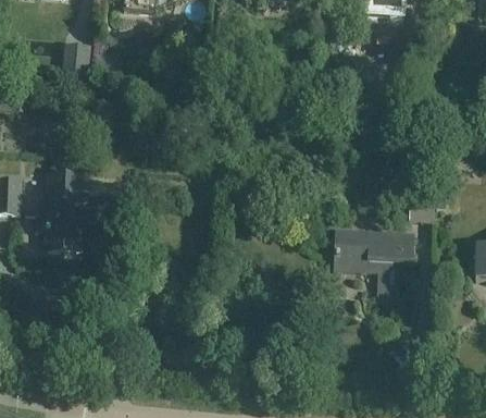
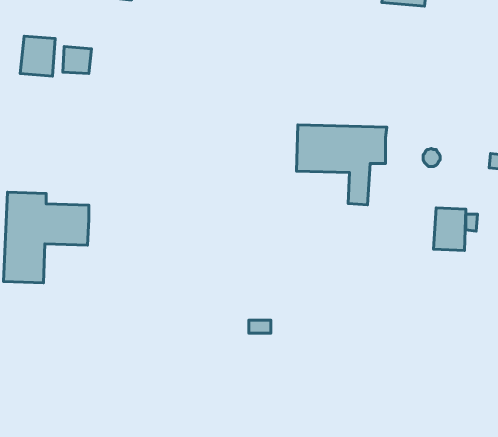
building: [336,229,412,296] -> [297,125,387,205]

